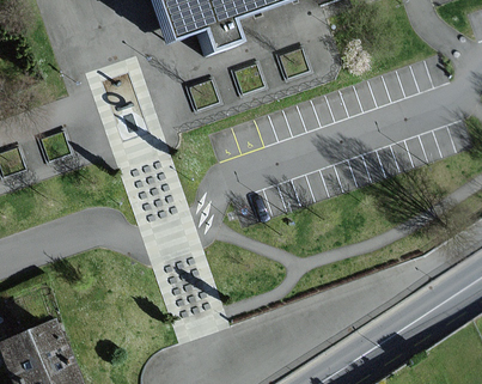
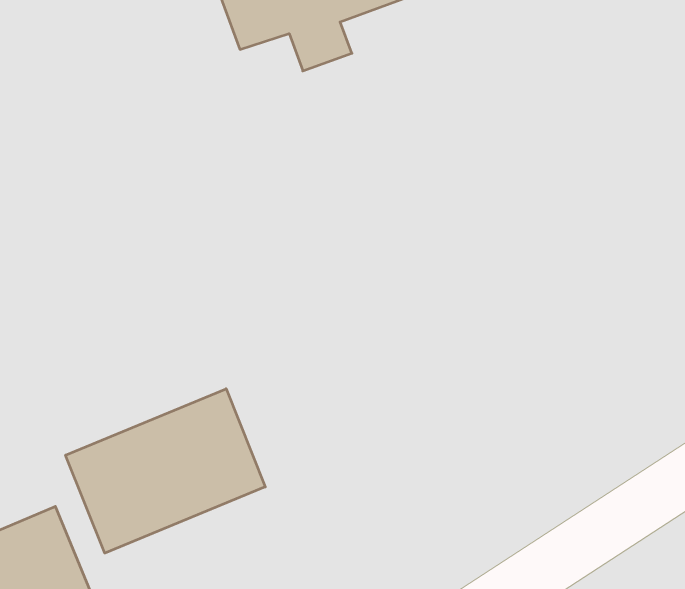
building: none -> [66,389,265,553]

